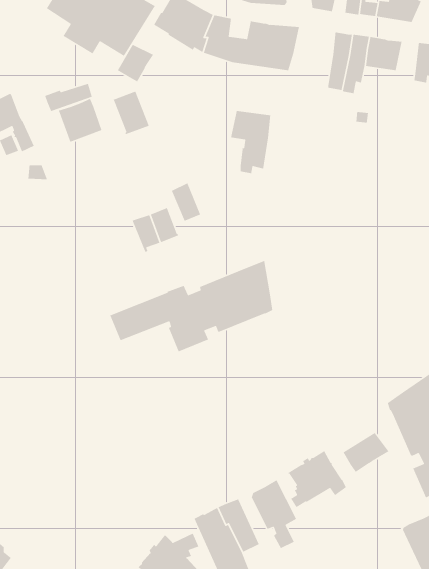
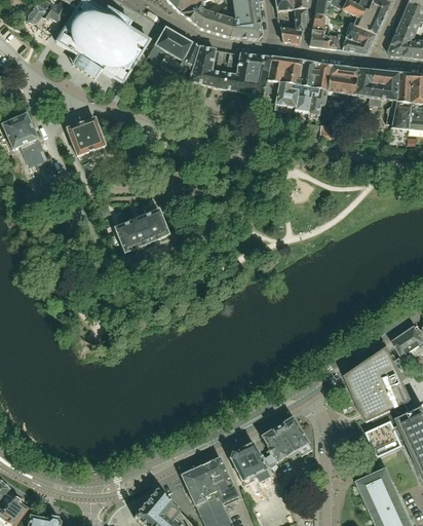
building: none -> [353,69,372,97]
building: [117,43,154,82] -> none
building: [44,83,93,113] -> none
building: [112,91,150,135] -> none
building: [230,110,271,174] -> [266,57,301,111]
building: [171,182,201,222] -> [114,221,140,255]
building: [109,260,273,352] -> none
building: [342,432,390,473] -> none

